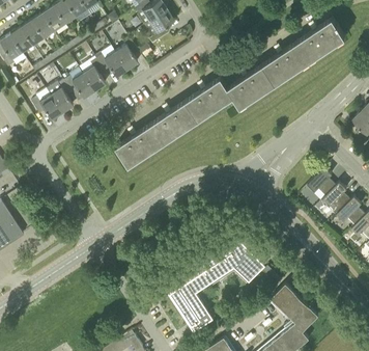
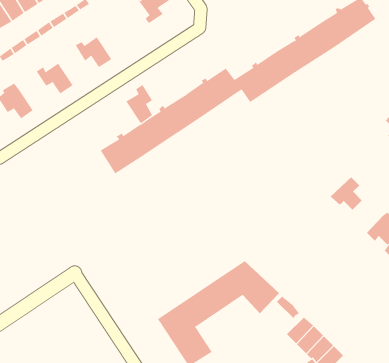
building: [114,37,137,71] -> [125,84,153,124]
building: [82,59,105,92] -> none
building: [50,81,73,113] -> none
building: [322,183,350,215] -> none

